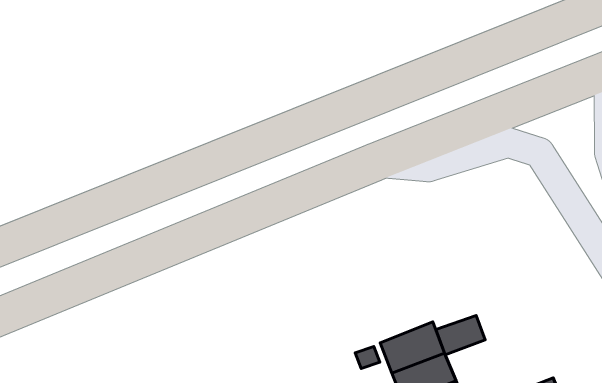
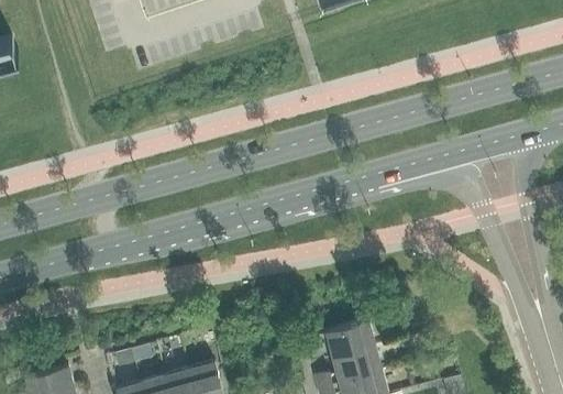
building: [436,315,485,355] -> none

